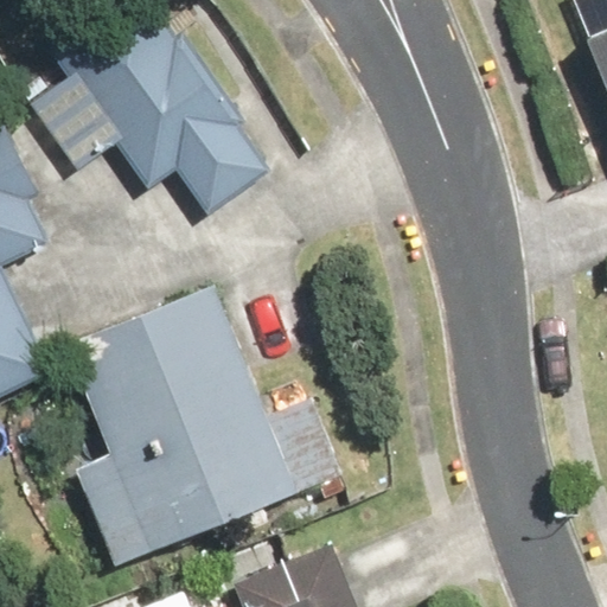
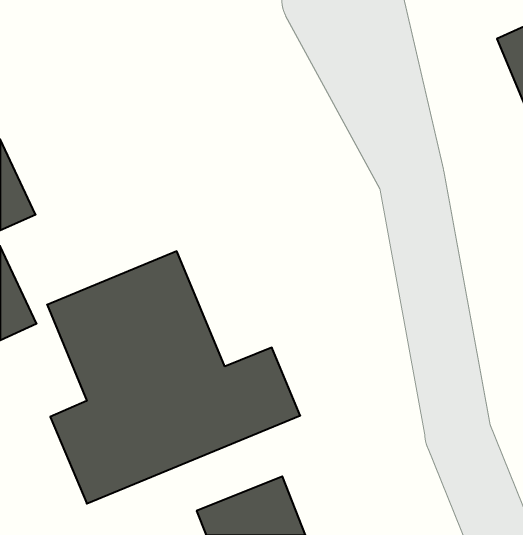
building: [20,5,268,215] -> none

